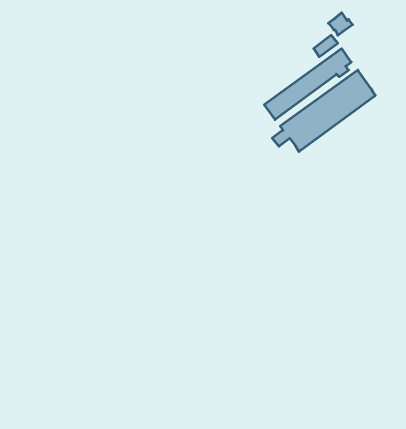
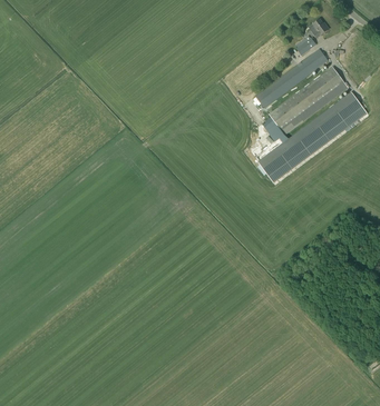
building: none -> [260,91,364,176]

